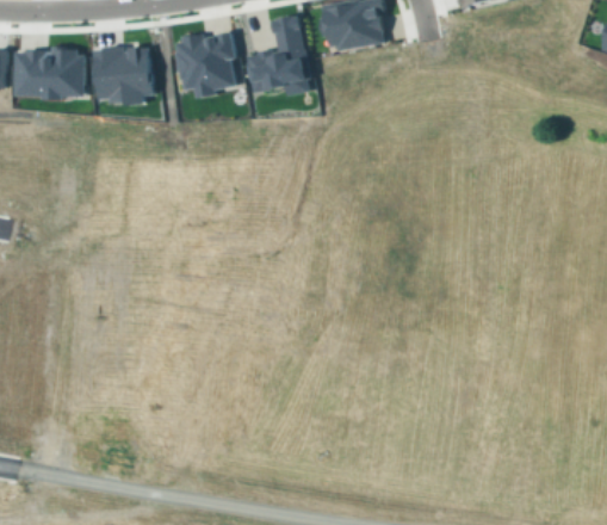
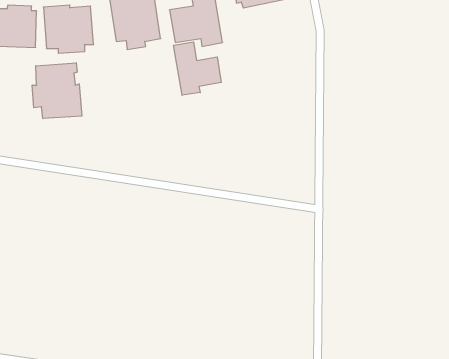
building: none -> [174,42,221,95]
building: none -> [32,63,82,119]

